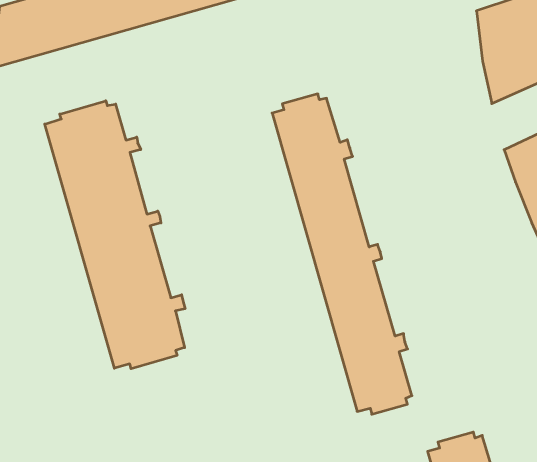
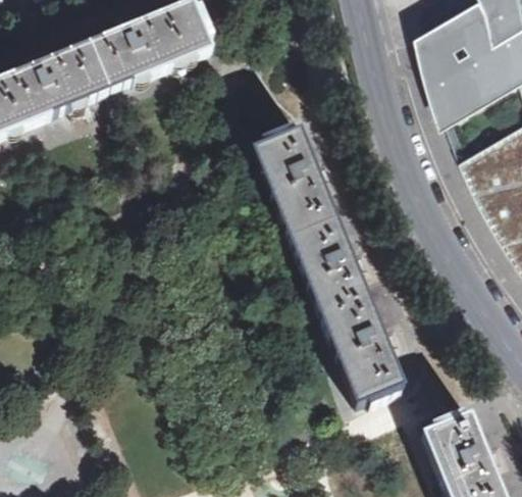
building: [45,101,185,369] -> none

